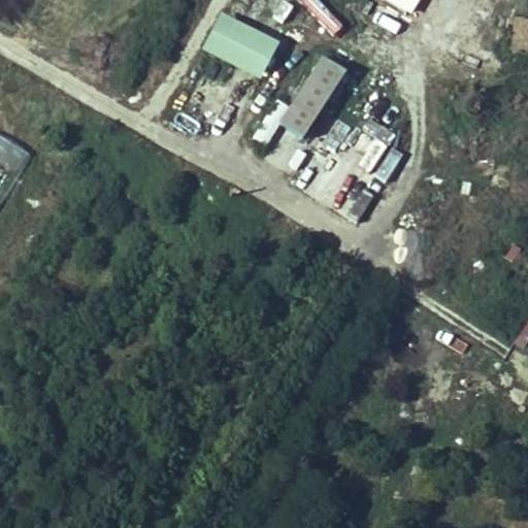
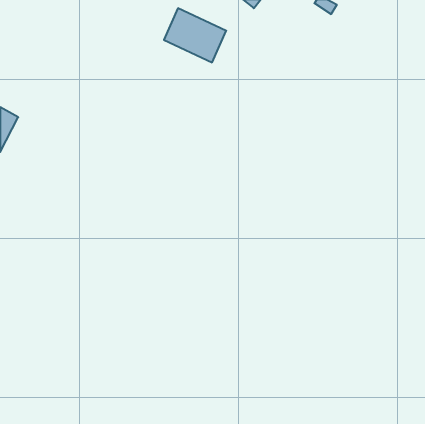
building: [279,60,344,140] -> none

